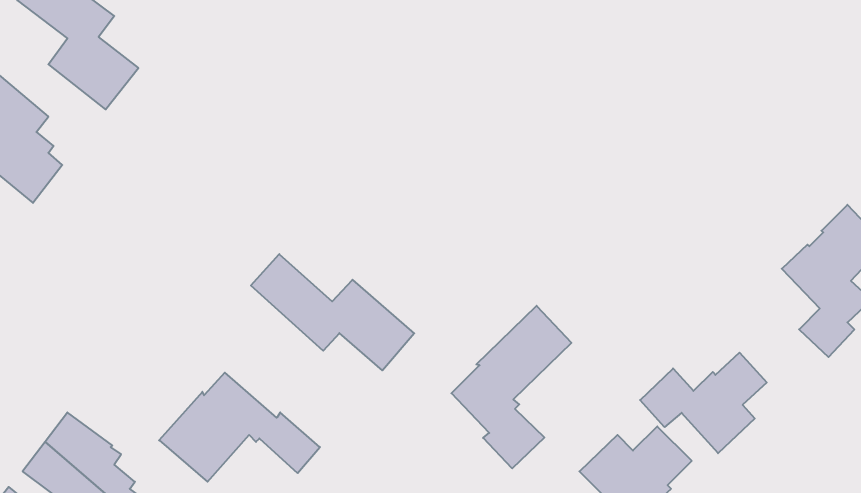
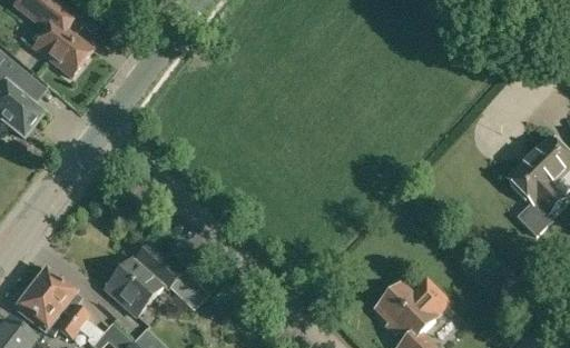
building: [251,254,414,370] -> none
building: [451,306,571,468] -> none
building: [640,353,767,453] -> none

